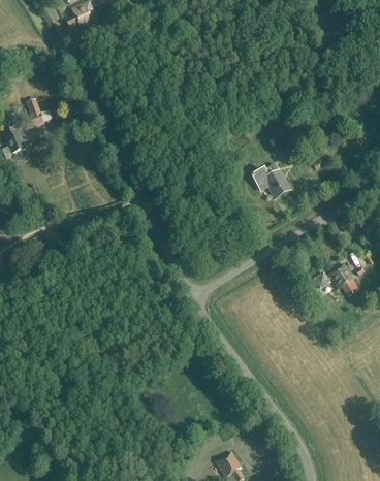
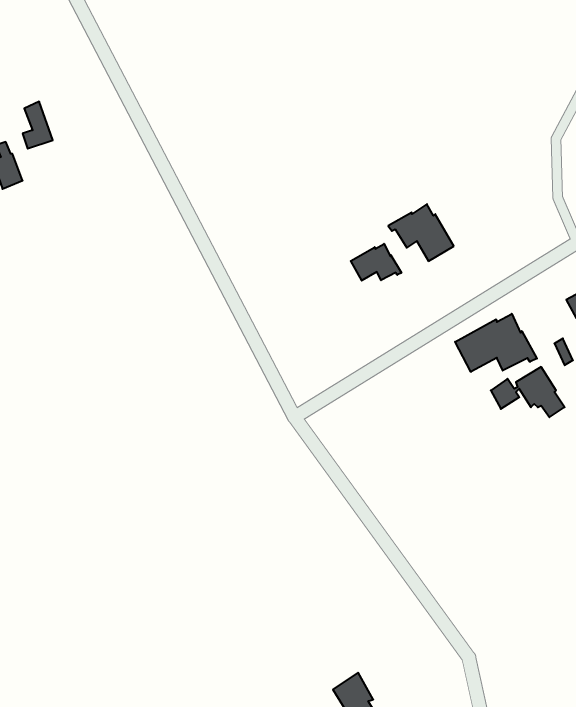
building: none -> [351,244,401,281]
building: none -> [455,314,537,372]

